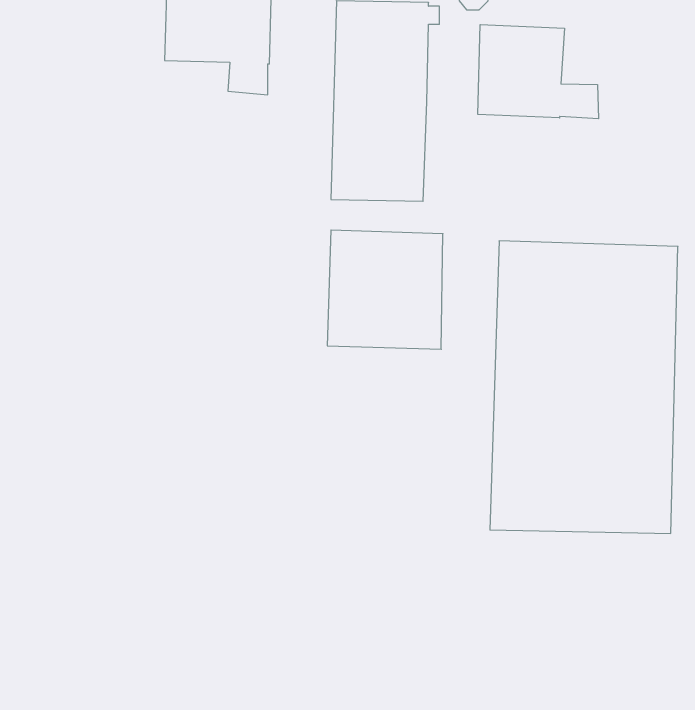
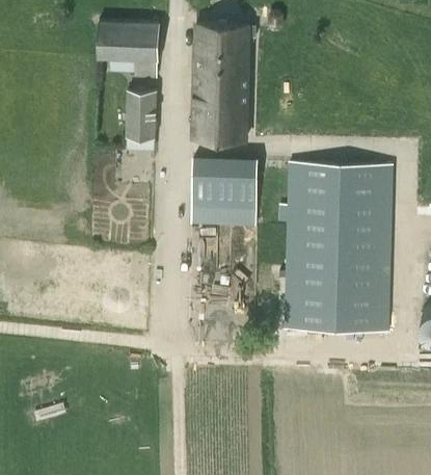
building: [478,25,598,119] -> none
building: none -> [127,91,157,137]

